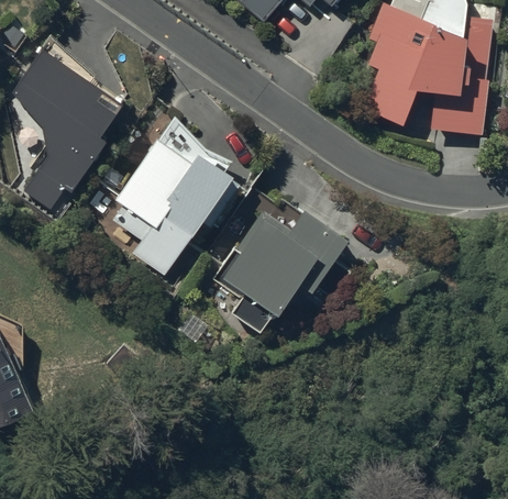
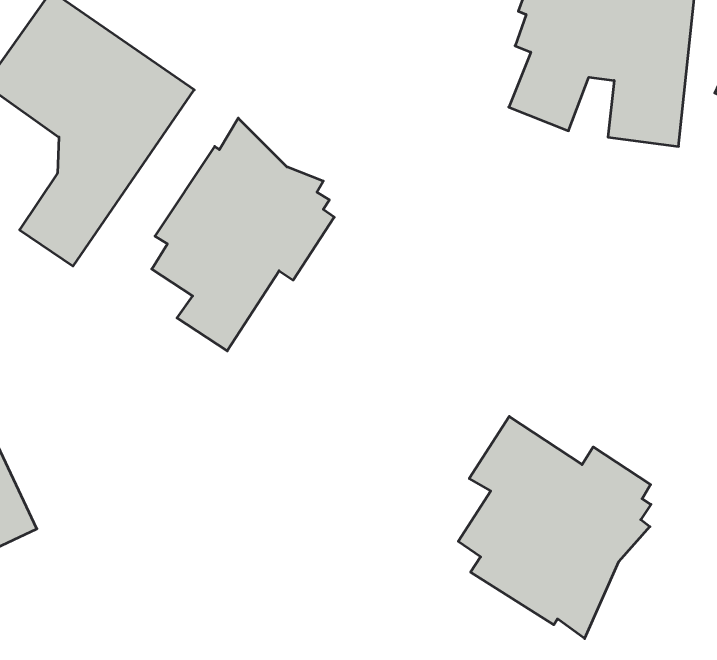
building: [212,209,350,332] -> none
building: none -> [458,416,651,639]

